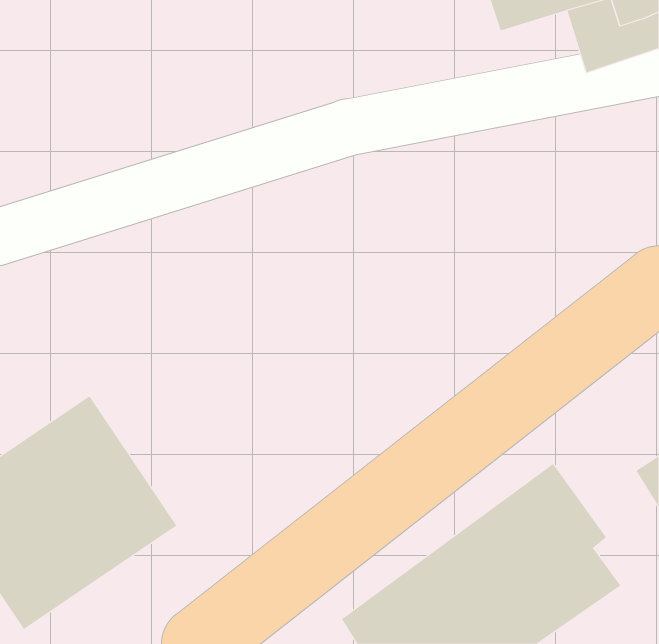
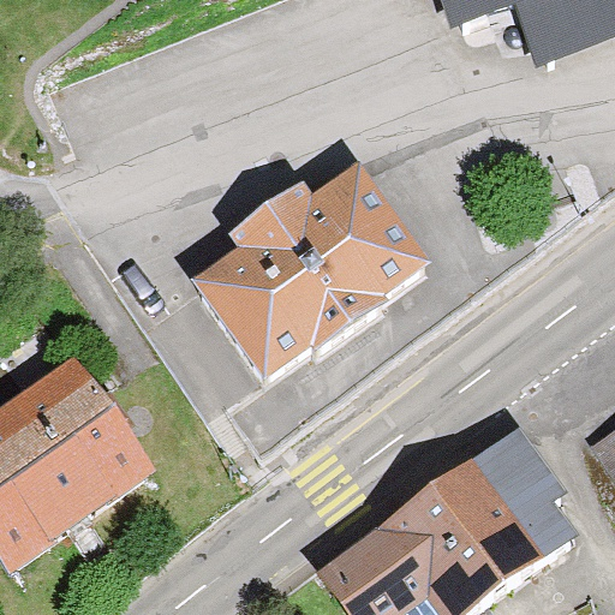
building: none -> [193,163,425,372]

